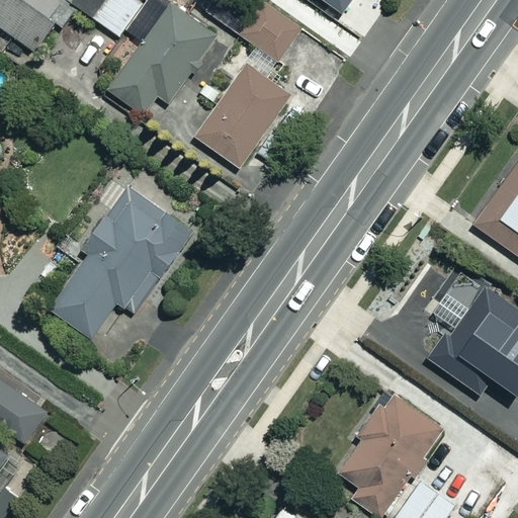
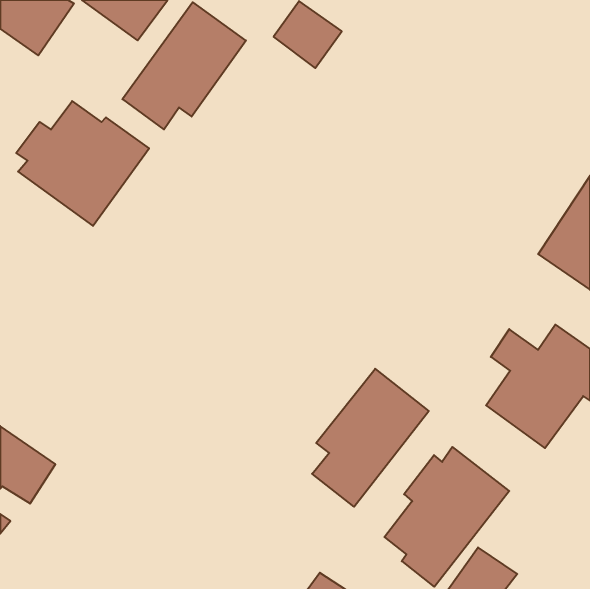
building: [195,65,289,168] -> none
building: none -> [16,101,149,226]
building: [49,186,191,338] -> none
building: none -> [312,369,429,507]

